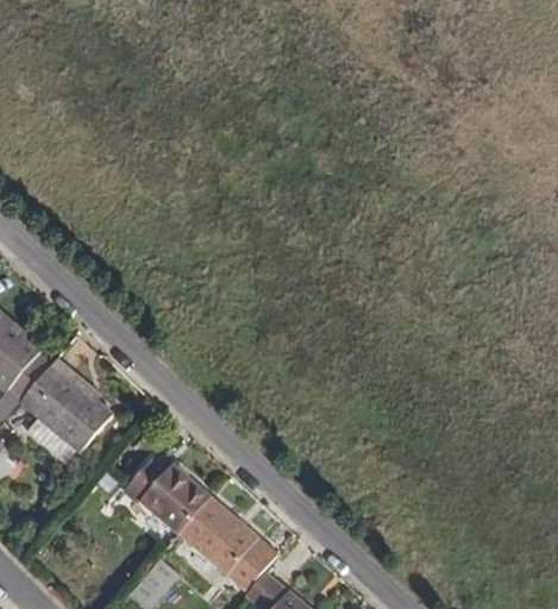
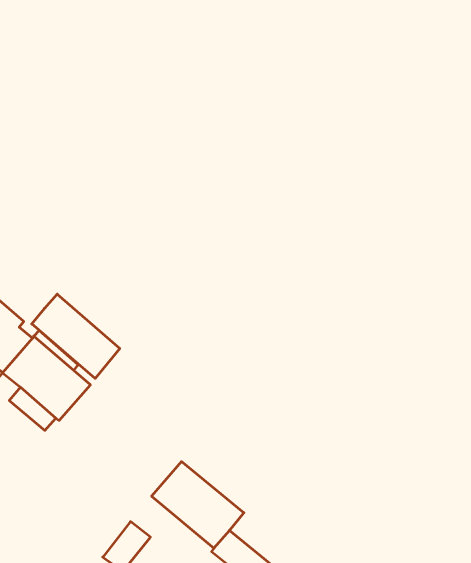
building: none -> [32,294,120,378]
building: [121,459,211,534] -> none

